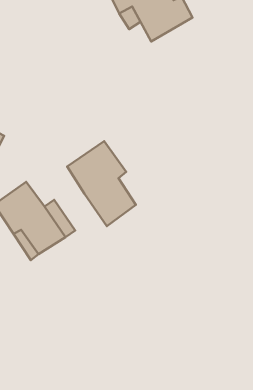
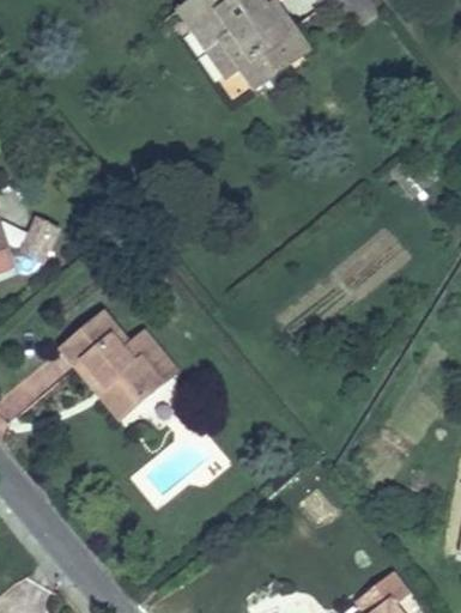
building: [67,141,136,226] -> none

